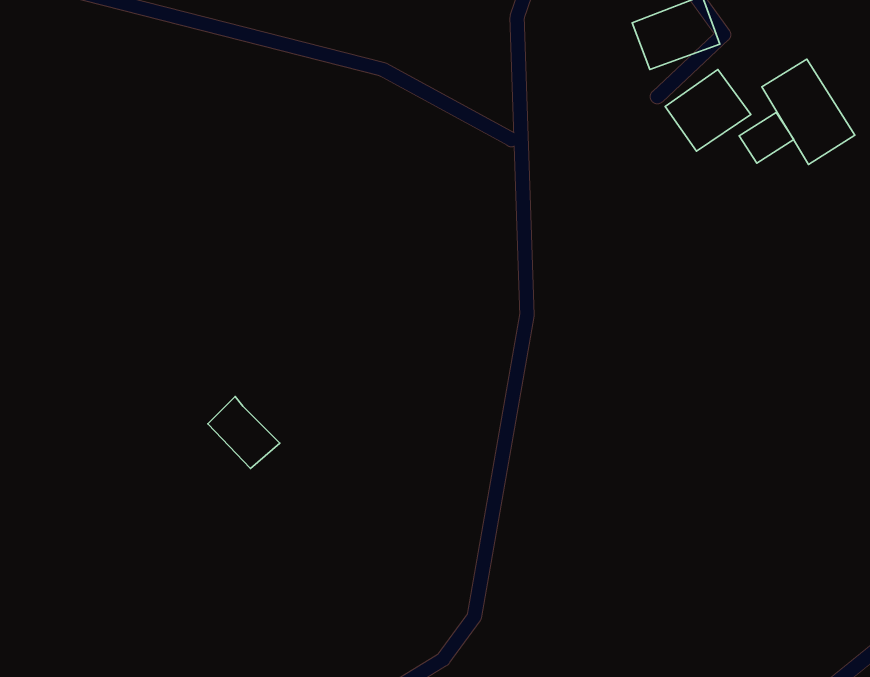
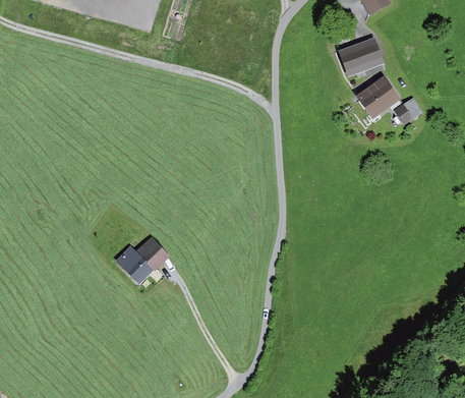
building: [762,59,855,164] -> none
building: none -> [134,236,169,271]

